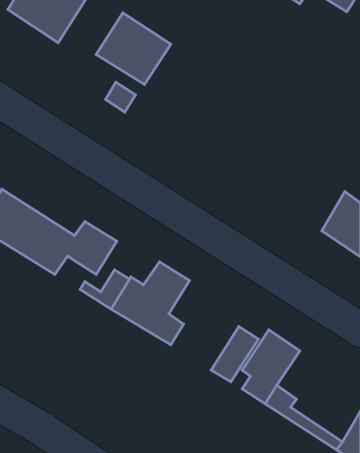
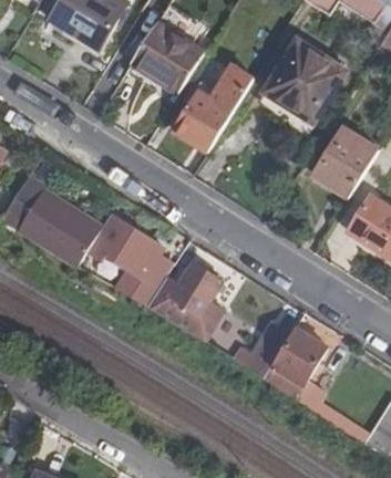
building: none -> [265,41,343,121]
building: none -> [176,63,253,147]
building: none -> [311,124,380,198]

